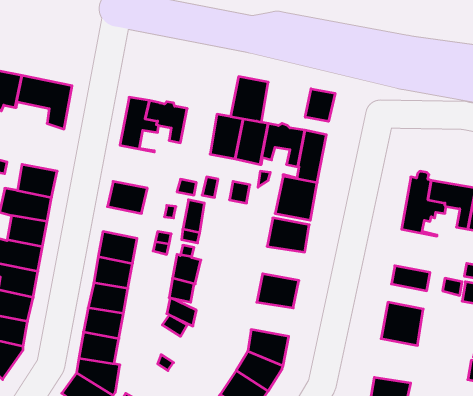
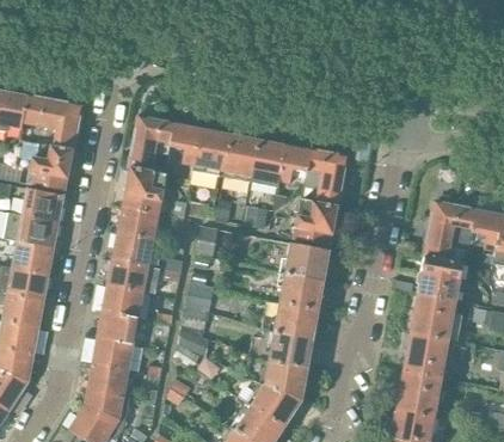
building: [231,77,268,122] -> [192,129,232,177]
building: [305,89,335,121] -> none
building: none -> [21,141,72,190]
building: none -> [123,167,166,213]
building: none -> [112,232,153,265]
building: none -> [418,256,462,301]
building: none -> [279,274,324,309]
building: none -> [411,313,451,339]
building: none -> [268,332,312,368]
building: none -> [397,370,442,417]

